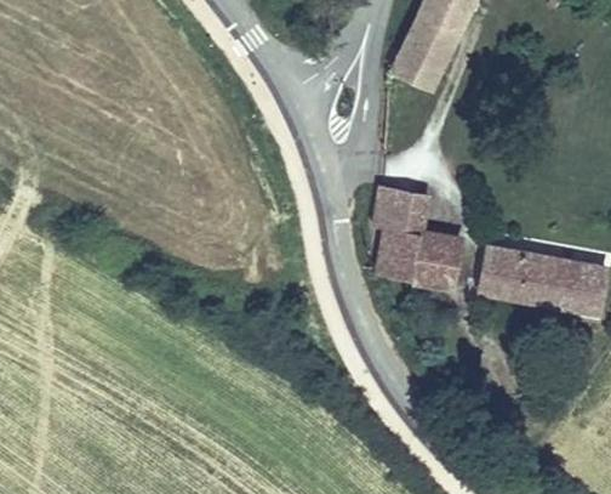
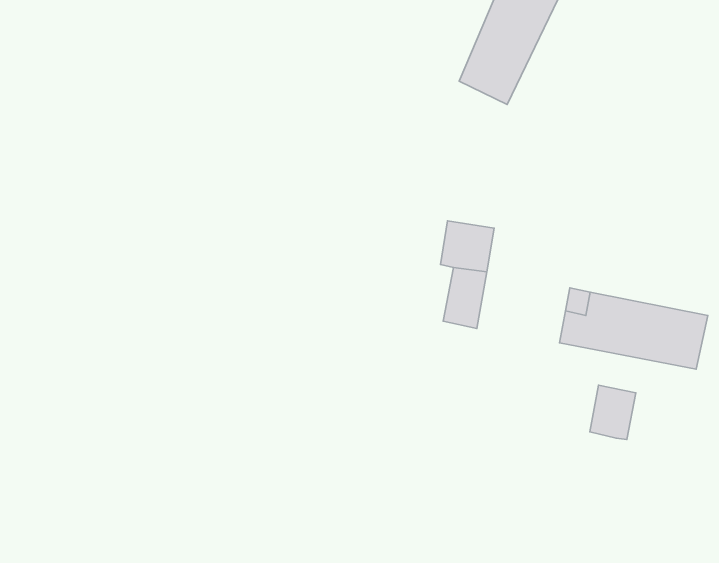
building: [409,231,455,284] -> none
building: none -> [590,385,636,439]

